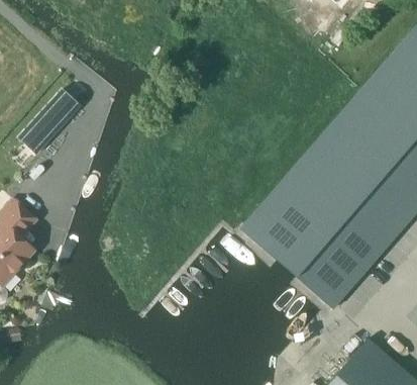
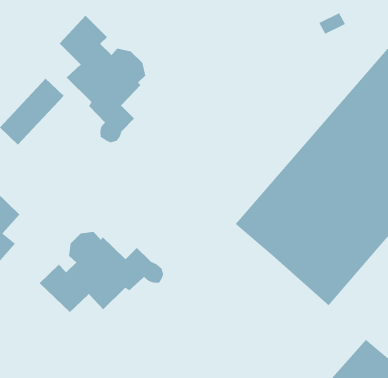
building: none -> [59,15,146,143]
building: none -> [39,231,164,313]

